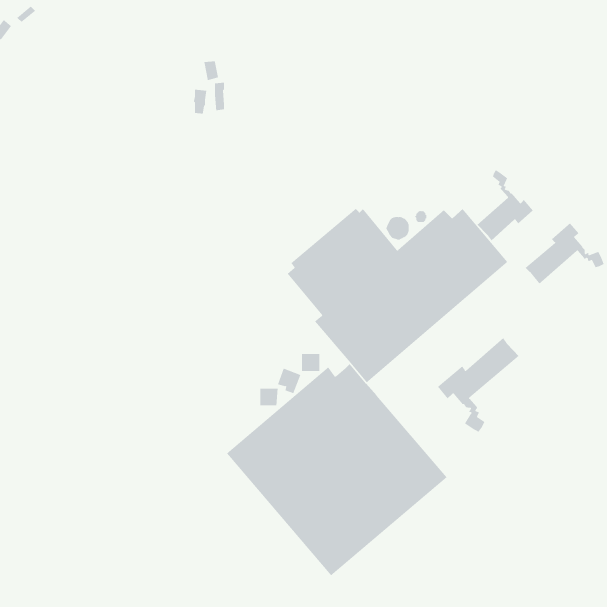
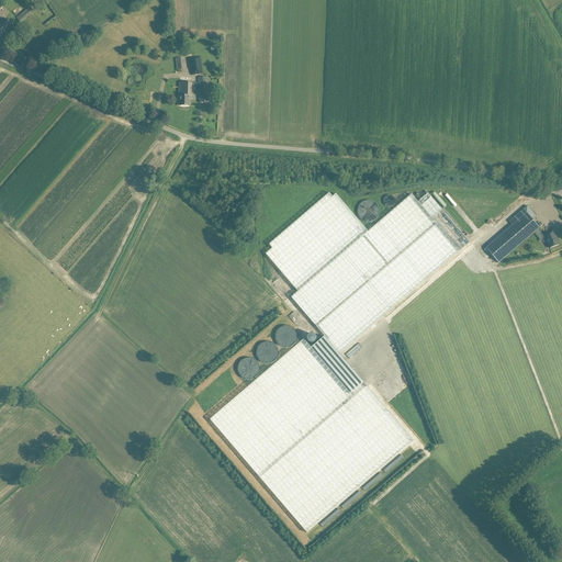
building: [477,169,534,241] -> none
building: [437,337,519,432] -> none

